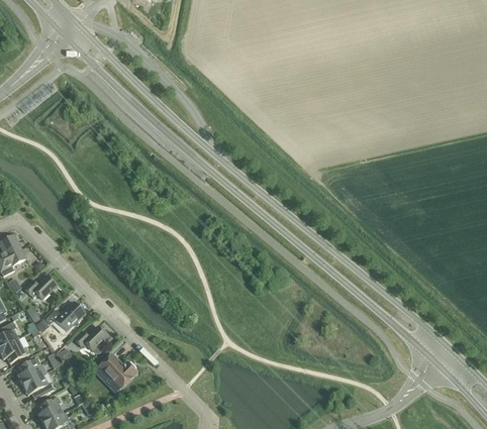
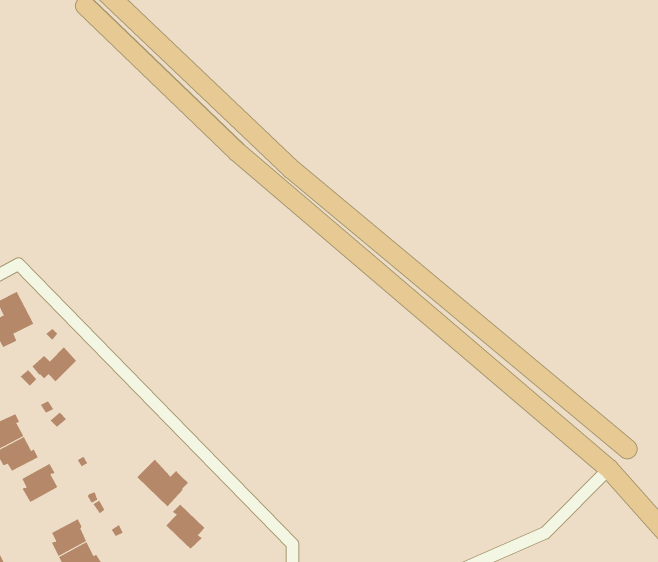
building: [44,302,84,332] -> none
building: [74,326,106,353] -> none
building: [22,374,53,400] -> none
building: none -> [166,504,205,550]

